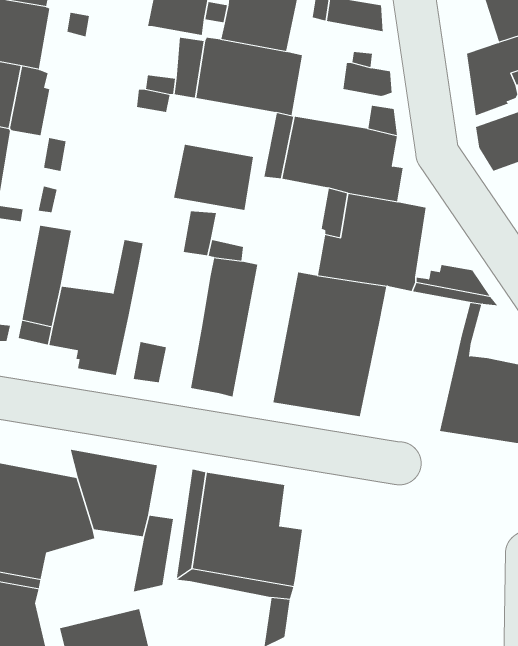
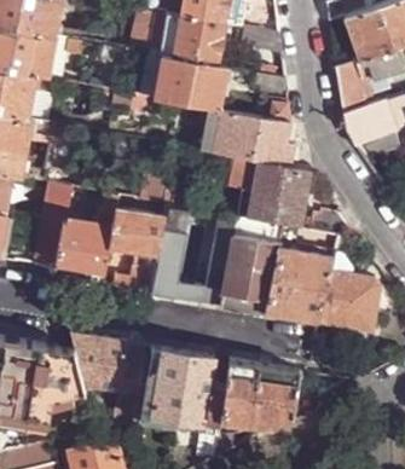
building: [173,144,254,210] -> [110,208,164,253]
building: none -> [266,248,334,322]
building: none -> [222,360,301,436]

